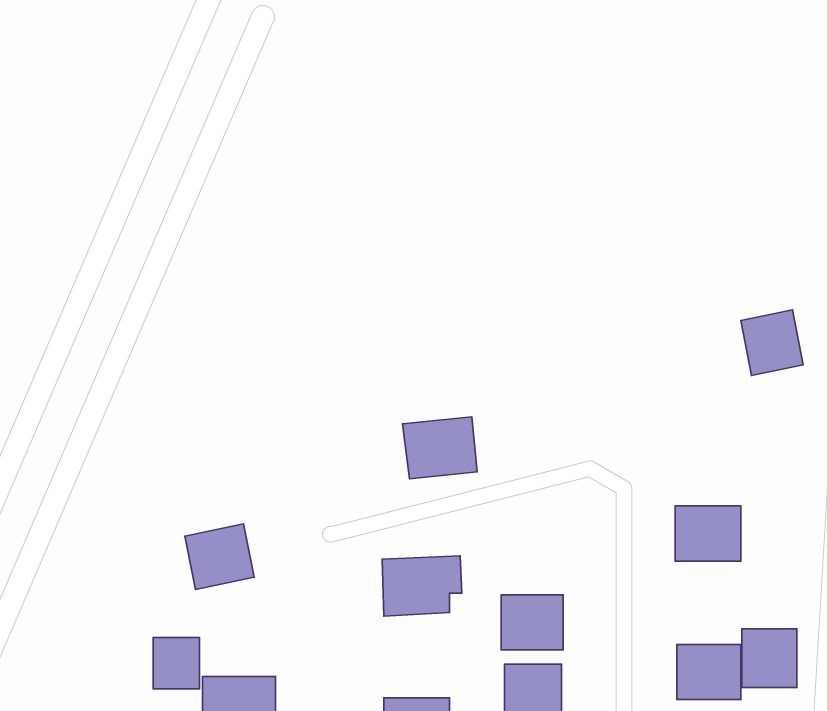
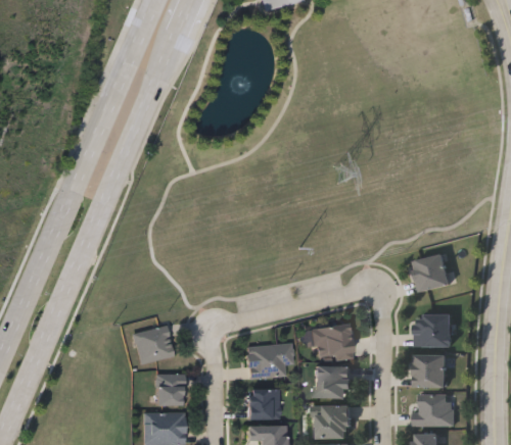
building: [741,310,803,376] -> [414,253,450,291]
building: [402,417,477,479] -> [309,324,352,359]
building: [742,629,797,687] -> [415,353,447,387]
building: none -> [247,389,279,418]
building: [153,637,199,689] -> [156,375,183,404]

